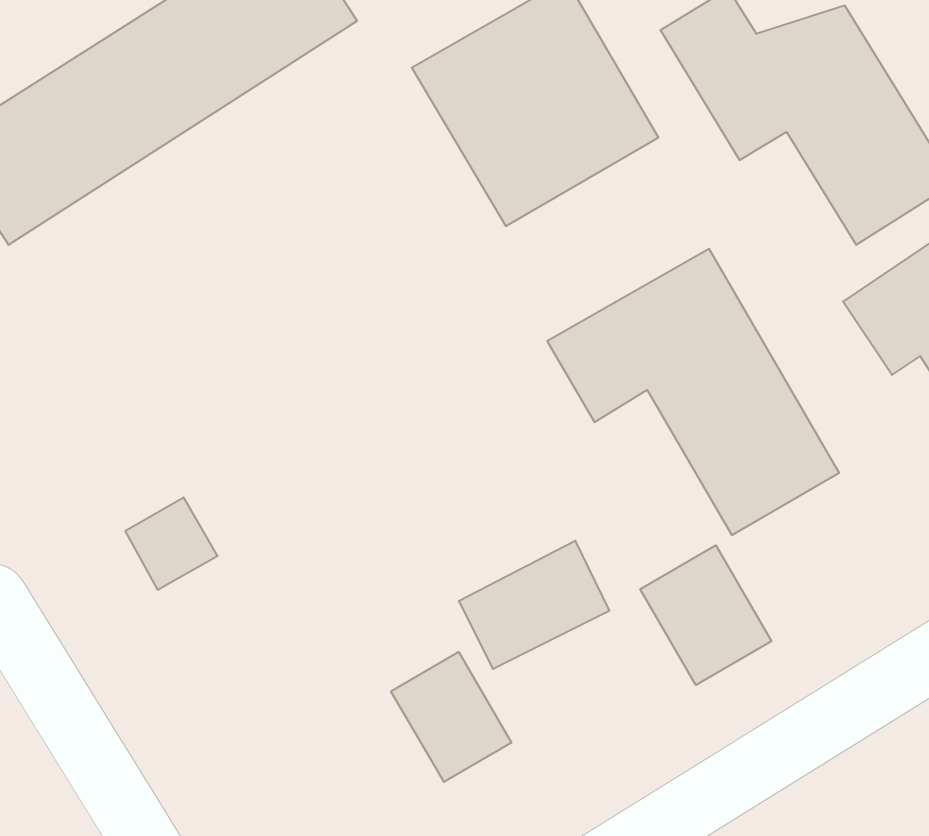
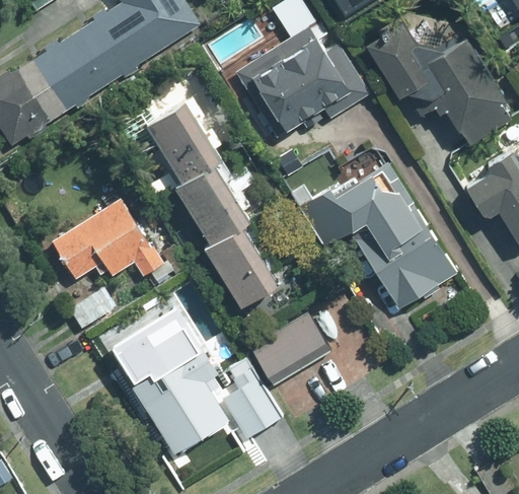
building: none -> [128,102,289,311]
building: none -> [50,196,168,285]
building: none -> [116,304,226,451]
building: [640,545,771,685] -> none

